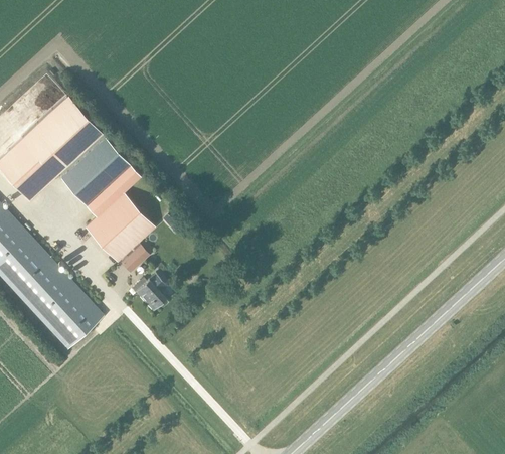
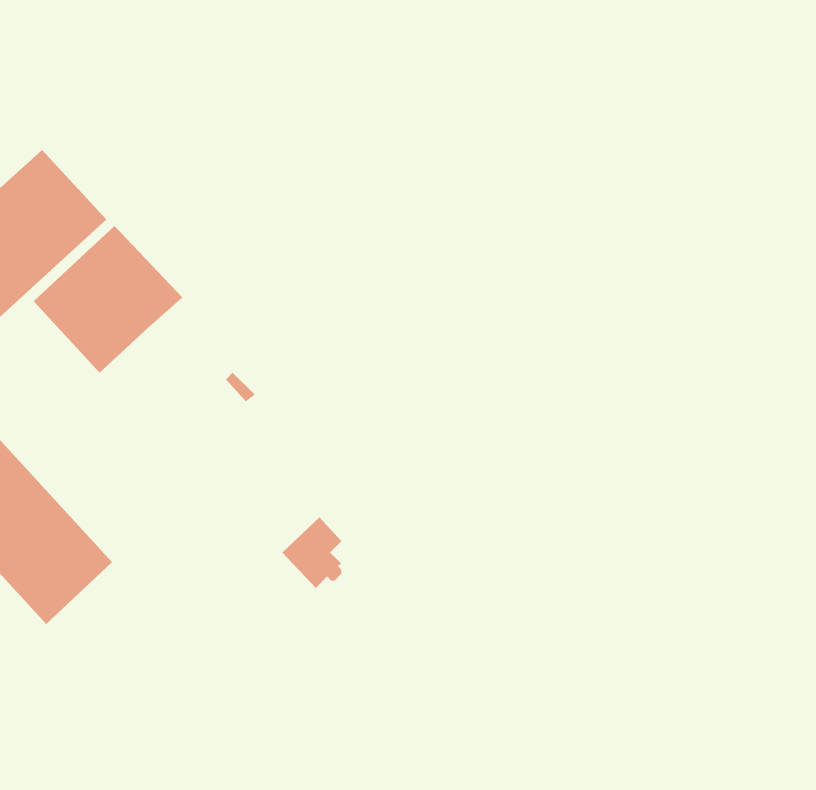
building: [86,191,154,265] -> none
building: [136,272,168,310] -> [281,516,342,589]

